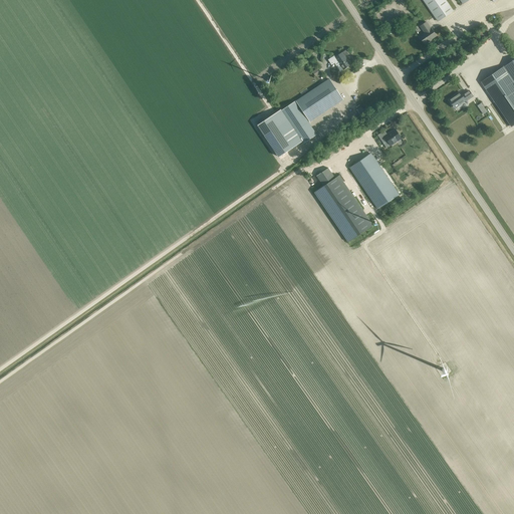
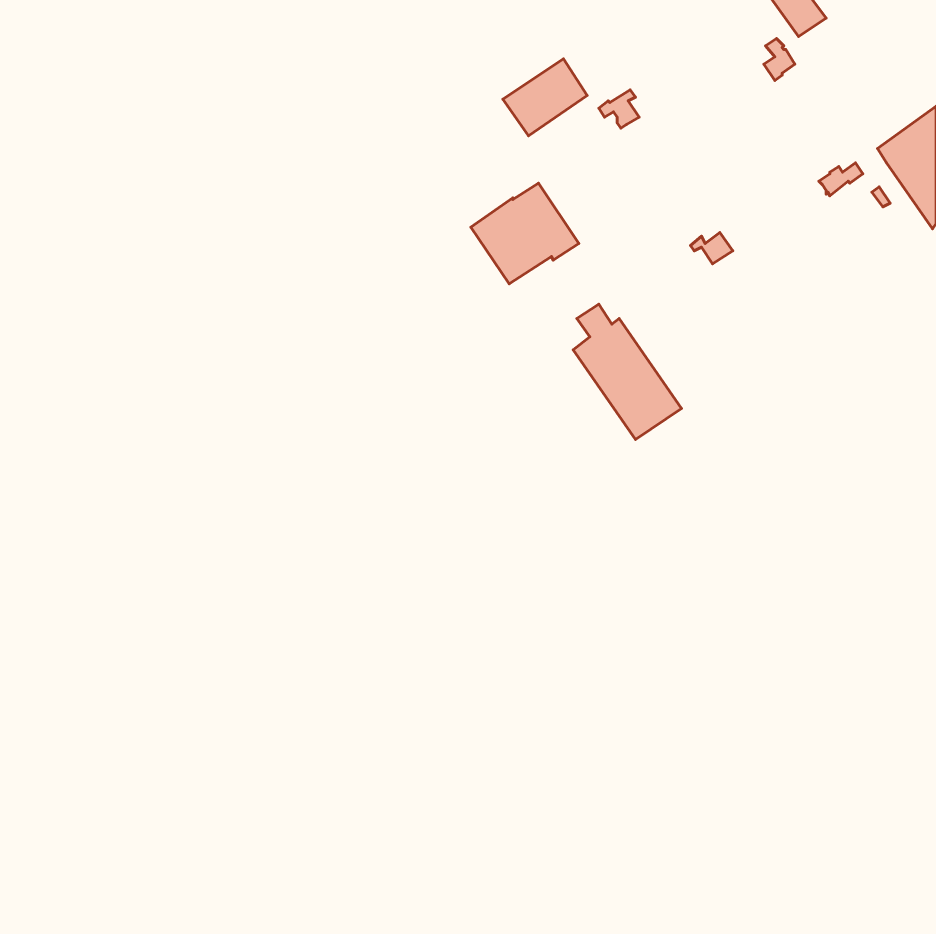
building: [296,78,342,120] -> [503,59,587,136]
building: [350,153,399,207] -> none

